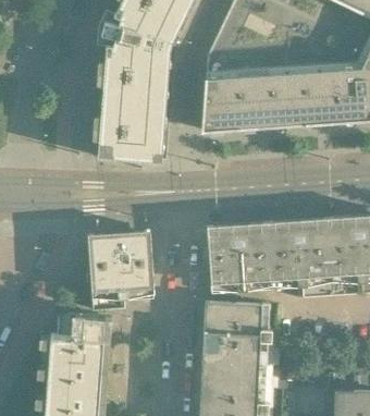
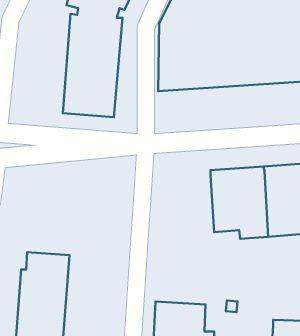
building: [208,222,269,295] -> none
building: [88,231,155,311] -> none
building: [202,303,273,374] -> none

